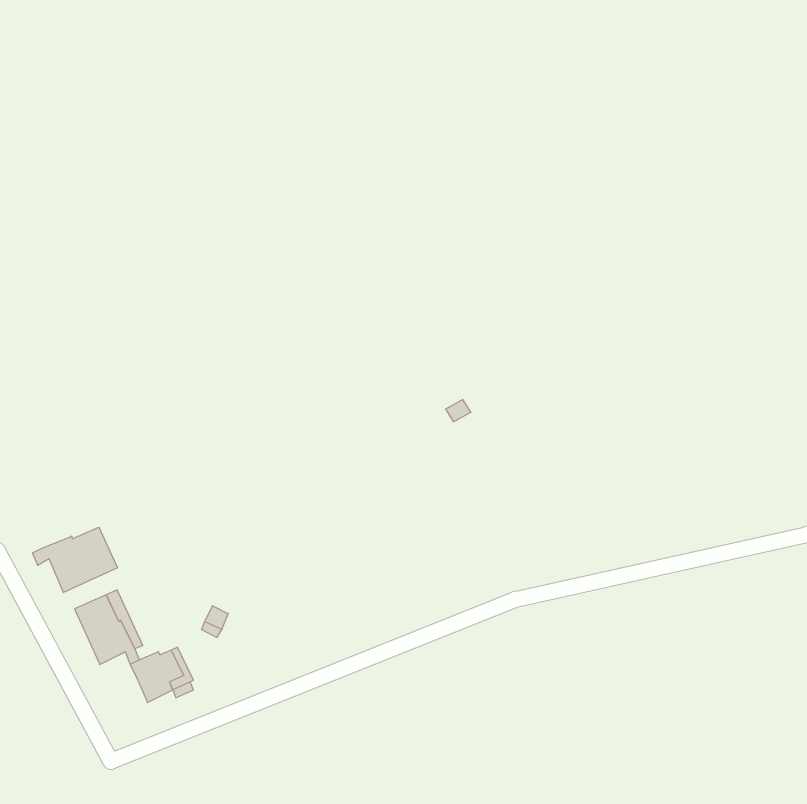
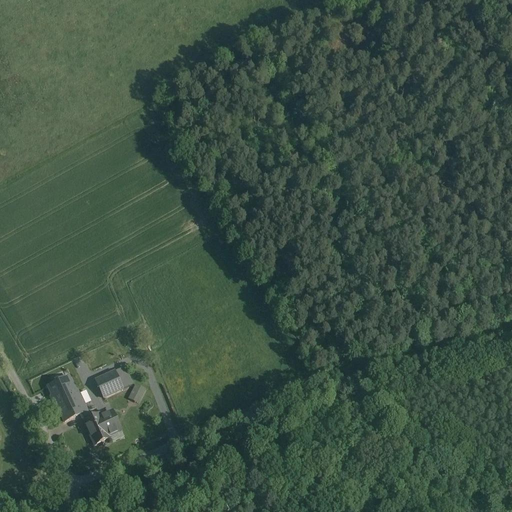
building: [32,527,118,593] -> none
building: none -> [94,369,121,396]

